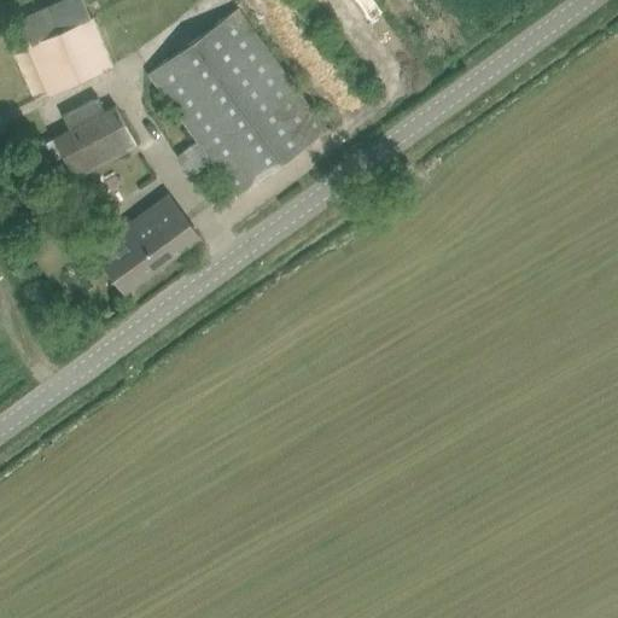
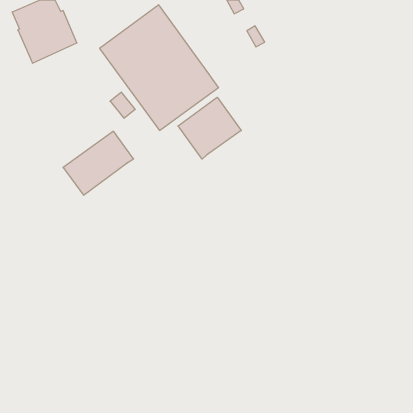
building: [33,98,138,180] -> none
building: none -> [178,97,241,159]

